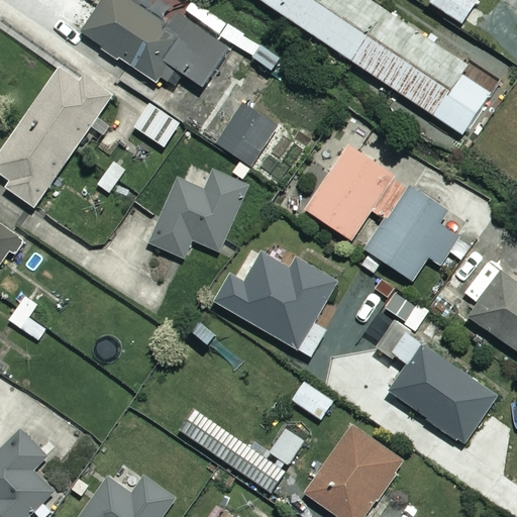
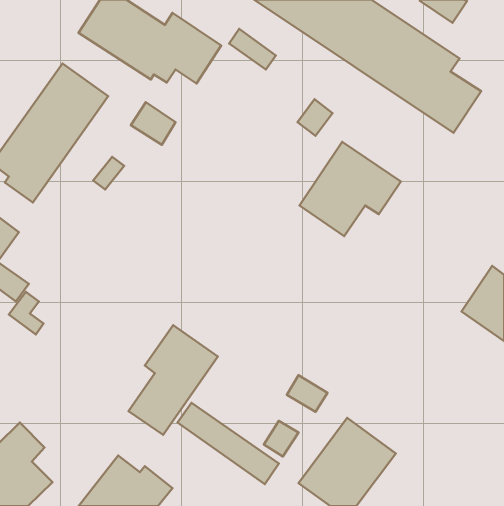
building: [216,104,277,167] -> none
building: [146,162,242,261] -> none
building: [359,185,463,281] -> none
building: [212,244,338,357] -> none
building: [375,319,497,444] -> none
building: none -> [128,325,218,435]

